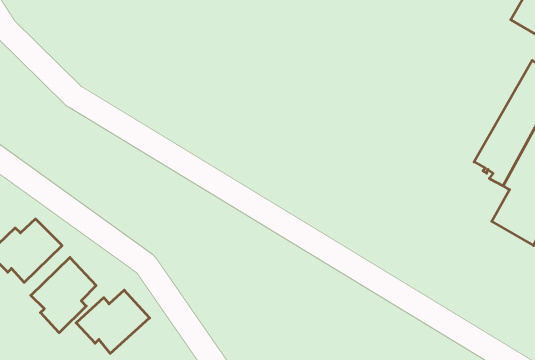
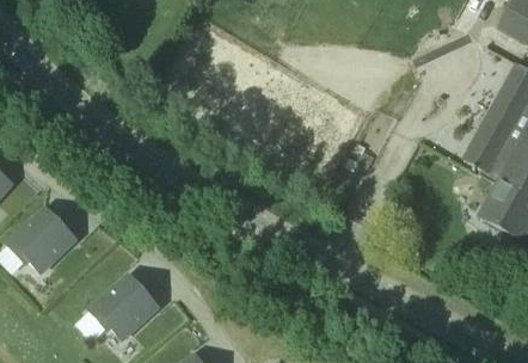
building: [31,257,96,333] -> none

